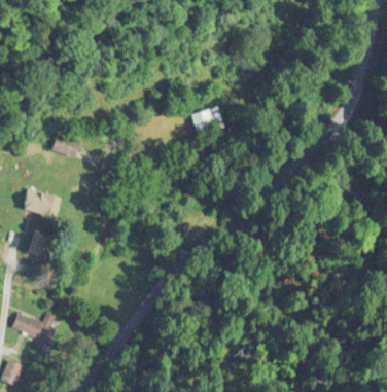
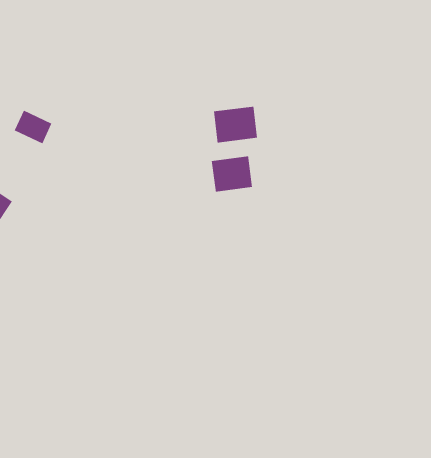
building: none -> [211,155,252,192]

